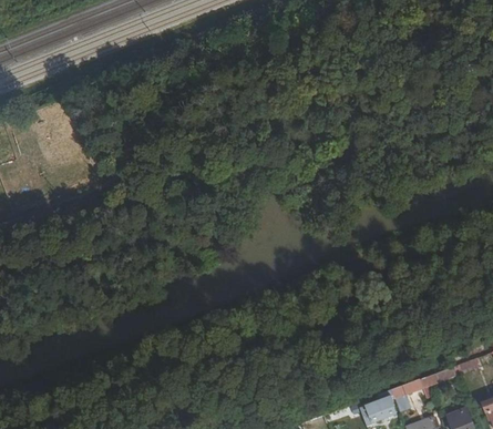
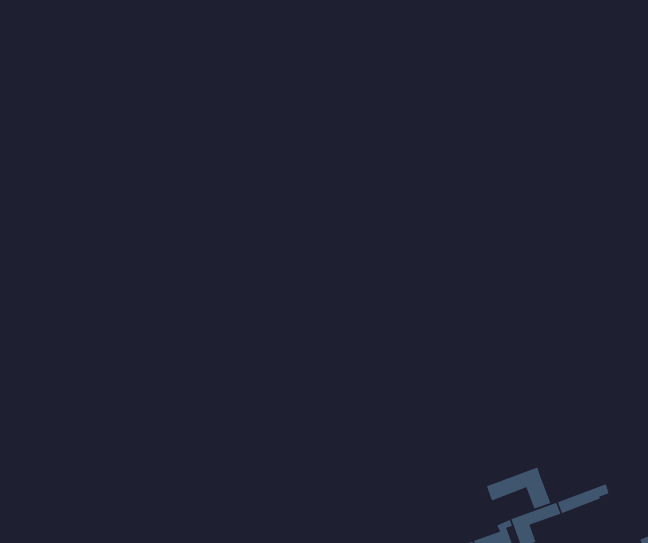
building: none -> [486,466,551,510]

